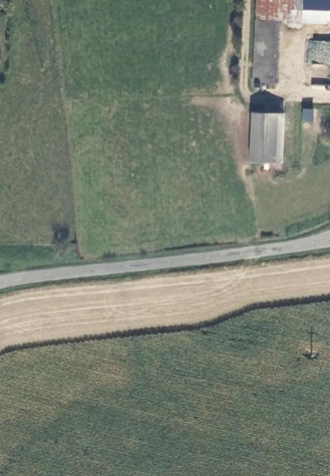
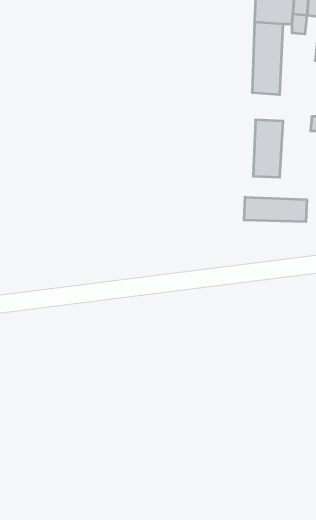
building: none -> [244,197,307,222]

